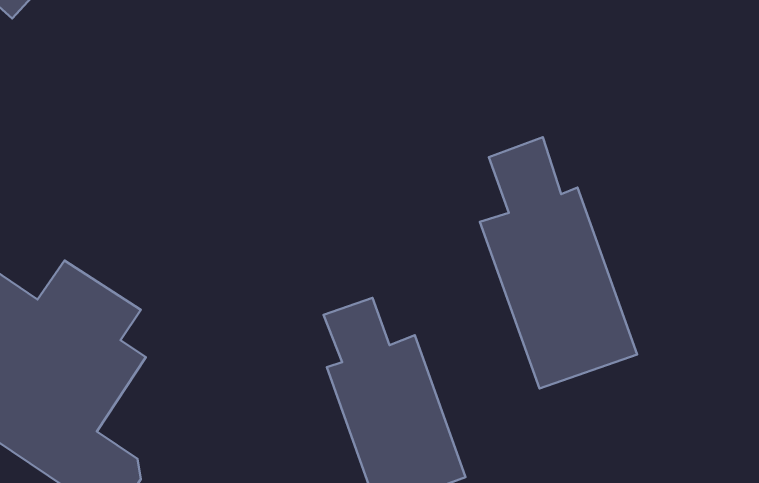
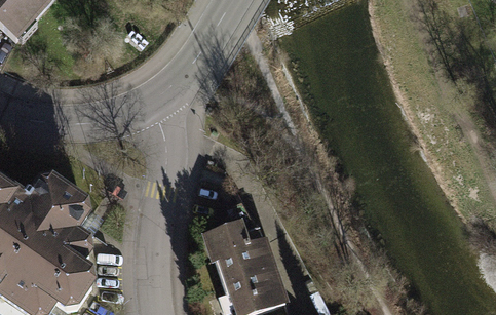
building: [480,137,637,389] -> none

